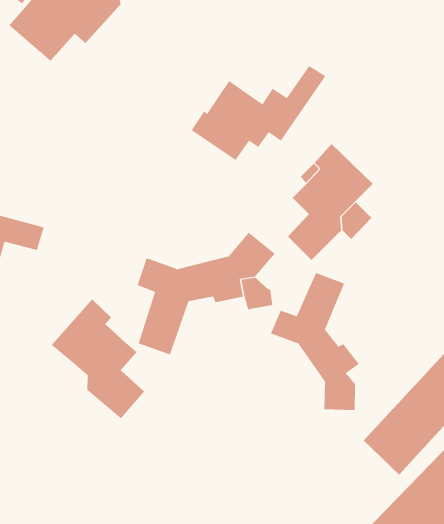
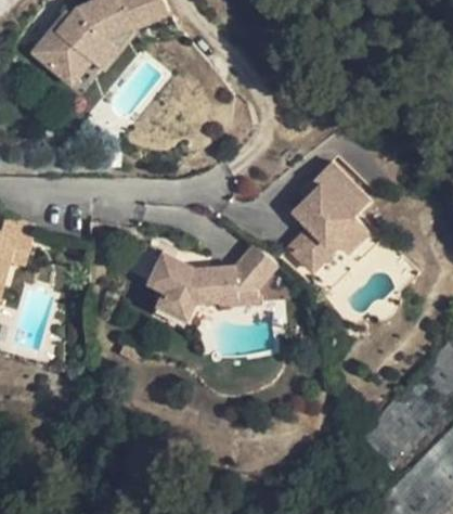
building: [191,65,326,161] -> none
building: [270,272,360,411] -> none
building: [51,299,145,419] -> none

